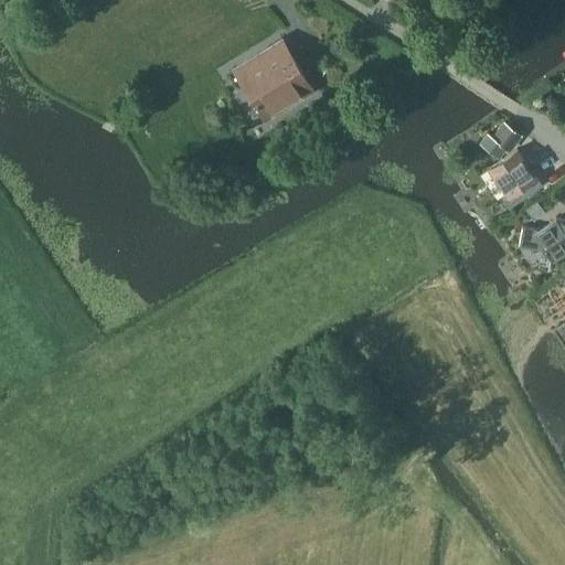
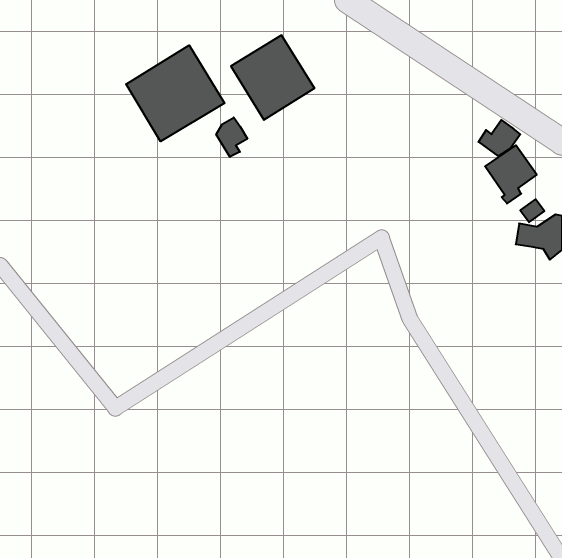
building: none -> [126,45,225,141]
building: none -> [216,117,247,157]

